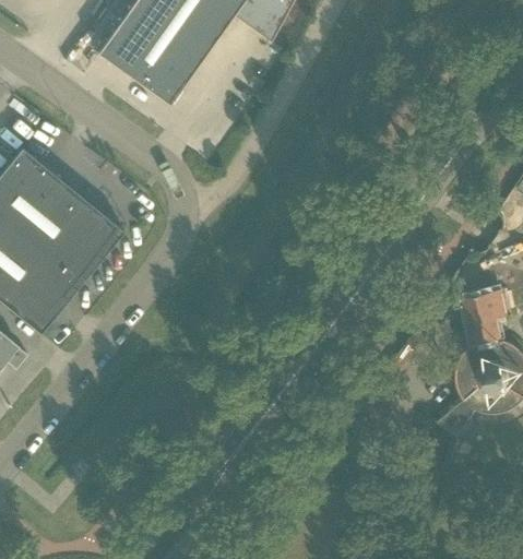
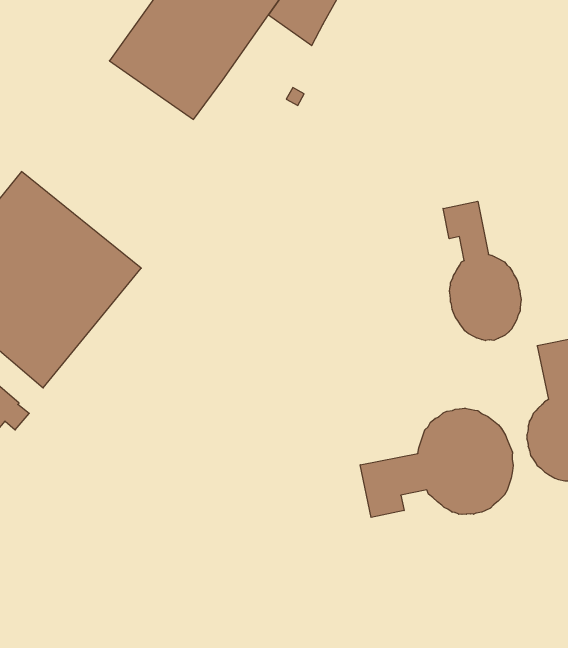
building: none -> [443,201,521,341]
building: none -> [360,408,513,517]

